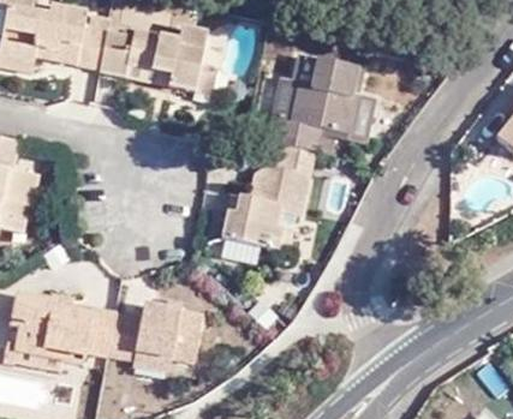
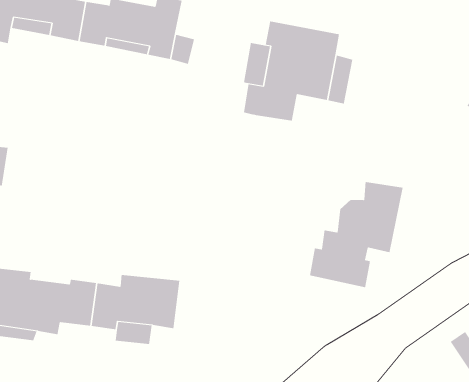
building: [225,143,318,249] -> [309,181,403,288]

